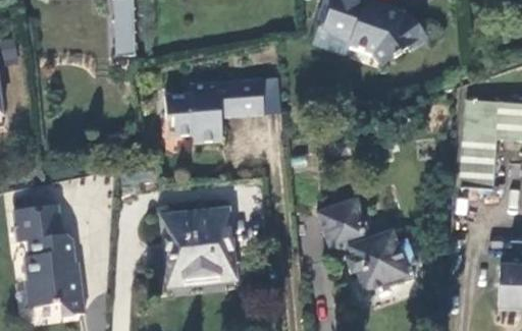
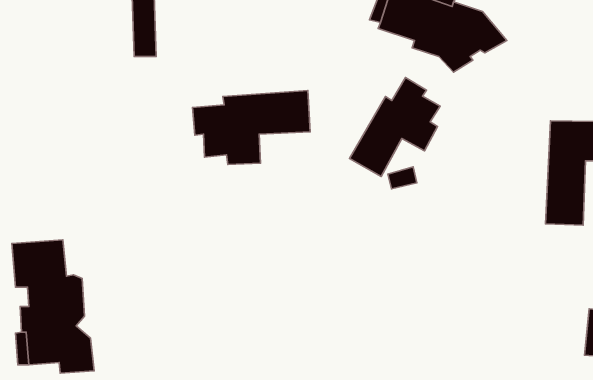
building: none -> [350,78,440,176]
building: [316,203,417,293] -> none
building: [164,208,232,279] -> none

